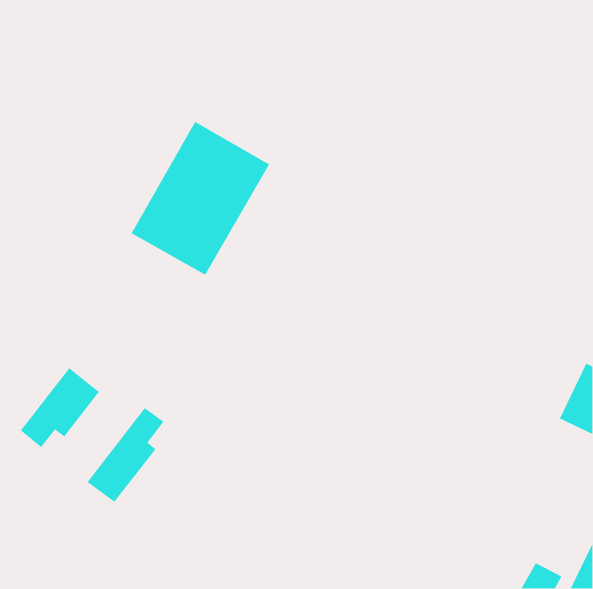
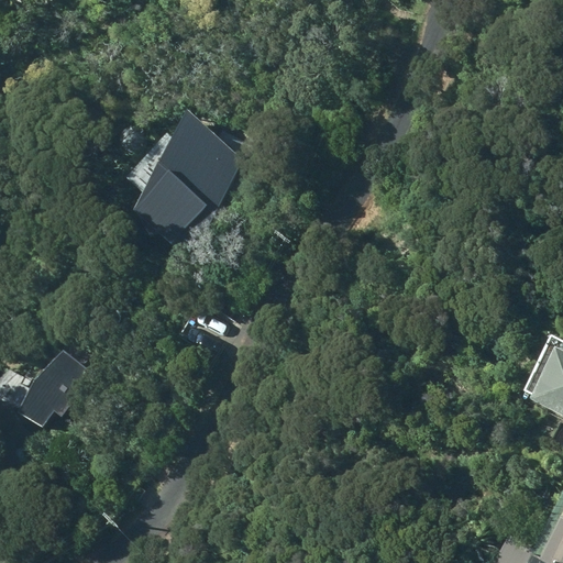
building: [86,407,165,503] -> none

